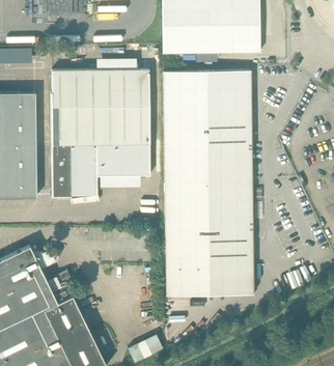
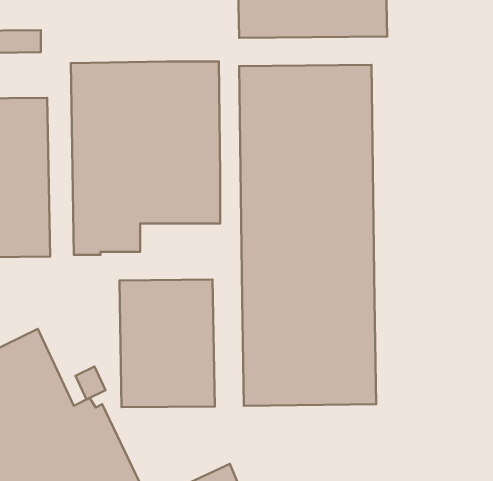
building: none -> [119,279,215,407]

